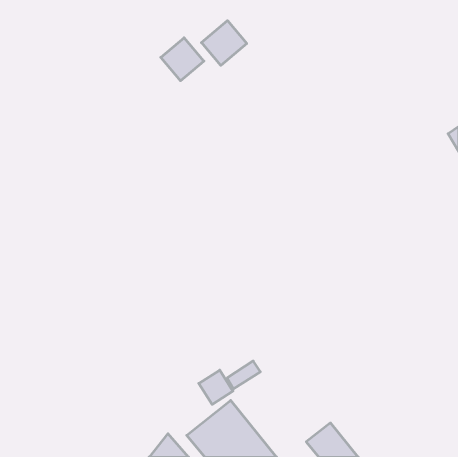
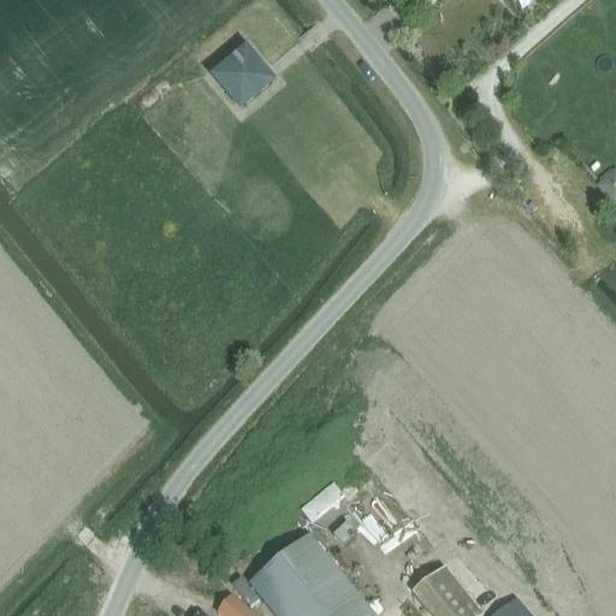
building: [201,21,247,65] -> none
building: [199,370,233,404] -> none

